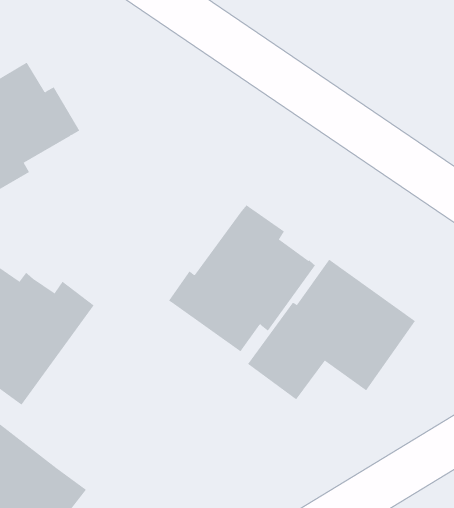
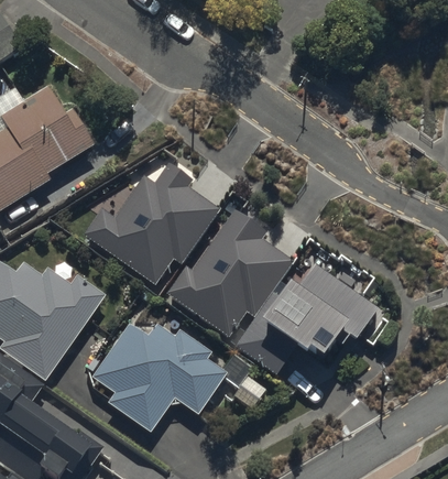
building: none -> [85,162,219,283]
building: none -> [91,325,228,432]

